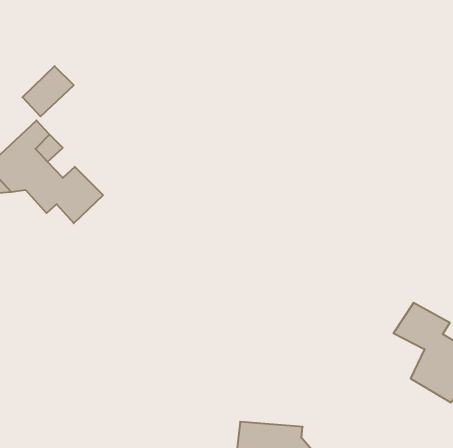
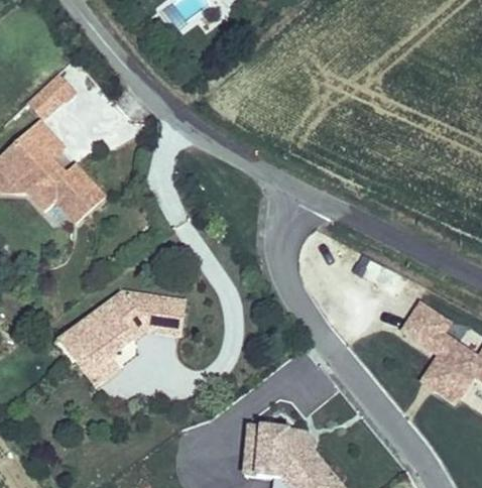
building: none -> [55,287,187,388]

